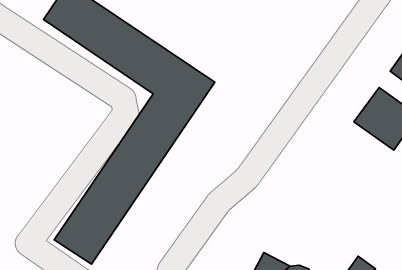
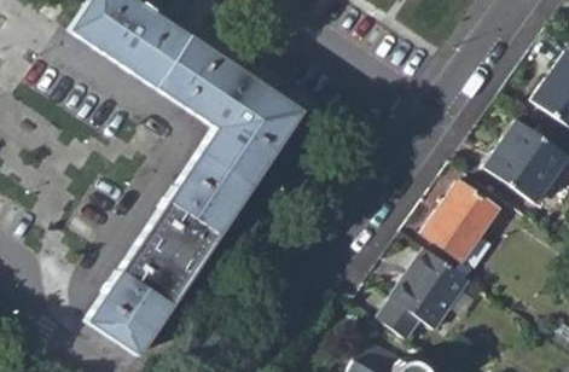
building: none -> [424,181,499,260]
building: none -> [378,246,471,337]

